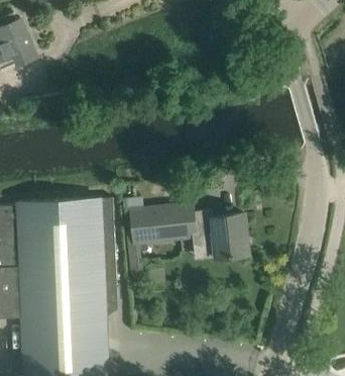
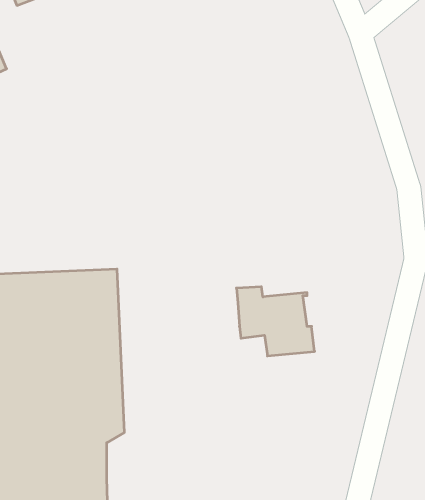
building: [123,197,196,290] -> none

